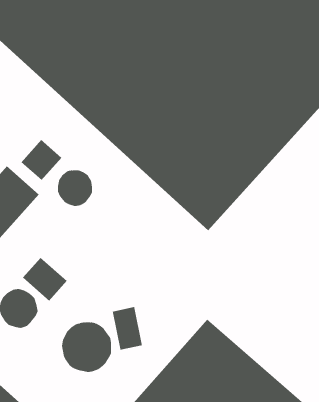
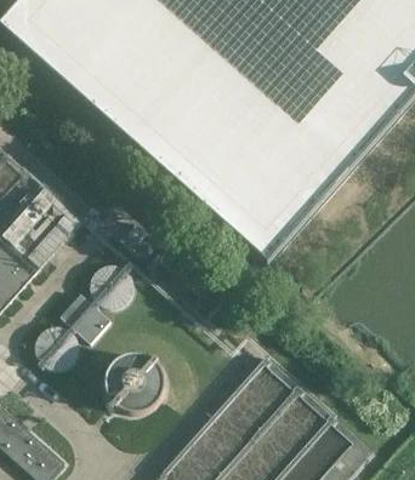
building: [20,139,62,181] -> none
building: [57,170,93,207] -> [90,268,130,309]
building: [112,306,143,351] -> none

